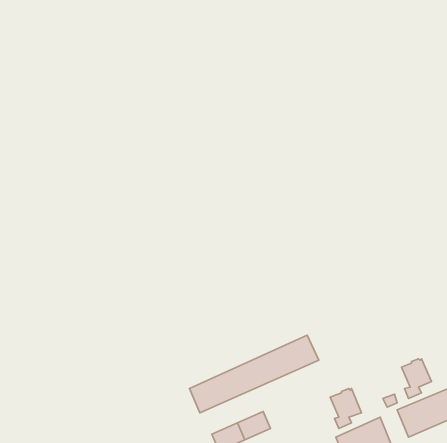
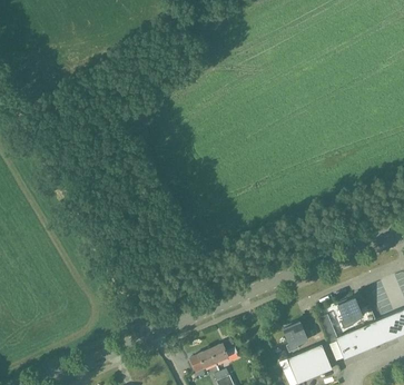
building: [190,335,319,413] -> none

